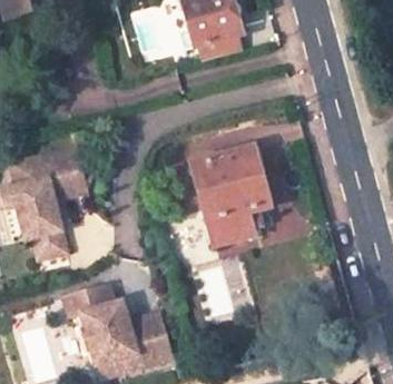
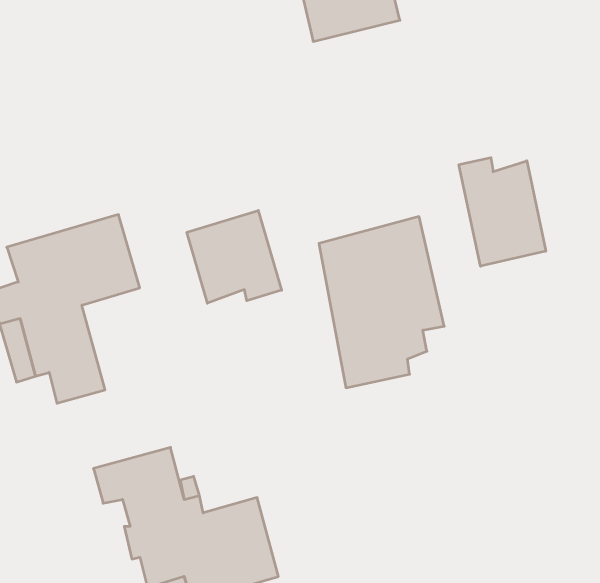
building: none -> [459,158,546,266]
building: none -> [187,210,282,303]

